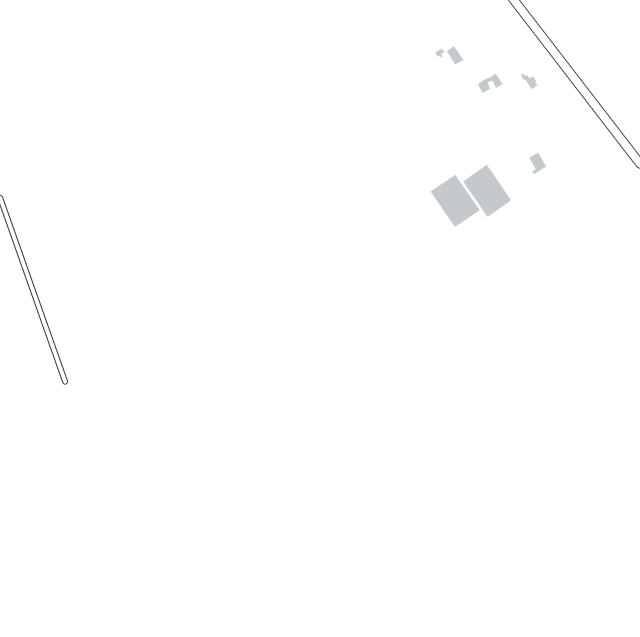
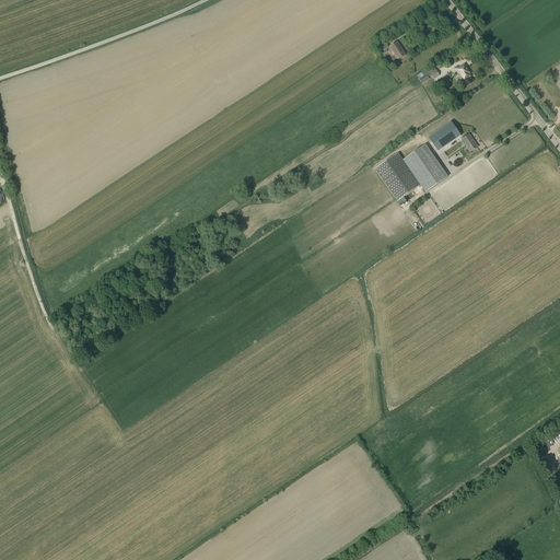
building: none -> [428,120,460,150]

